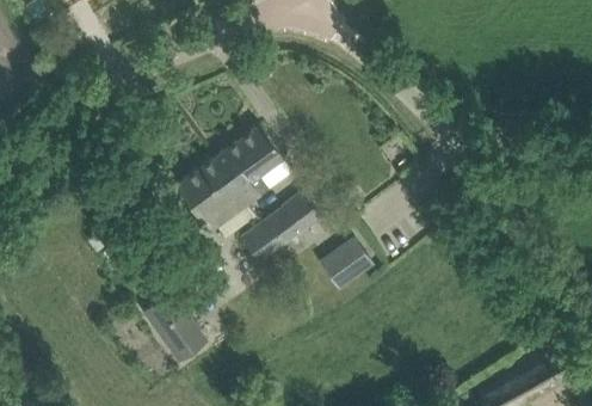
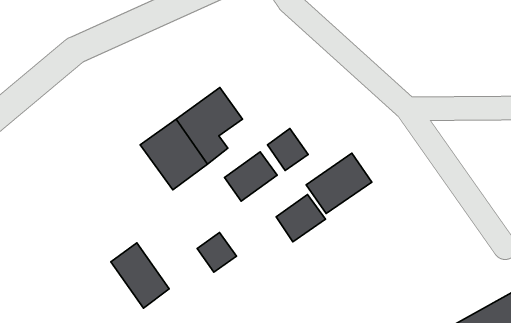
building: none -> [267,129,308,170]
building: none -> [306,153,372,214]
building: [240,220,282,262] -> [197,233,236,272]

